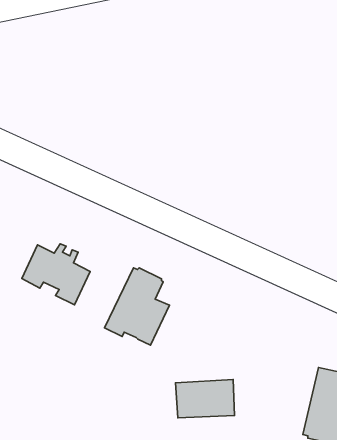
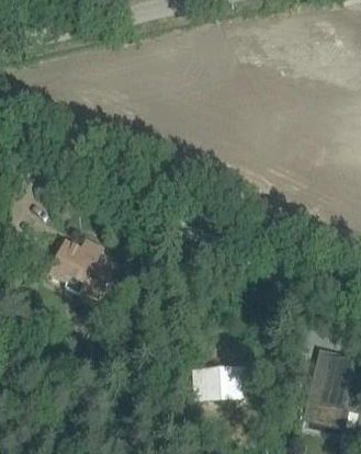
building: [105,268,169,345] -> none

